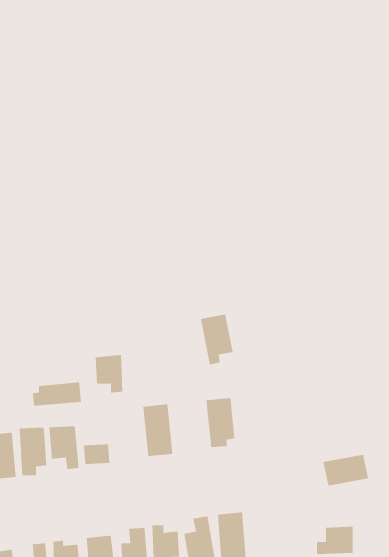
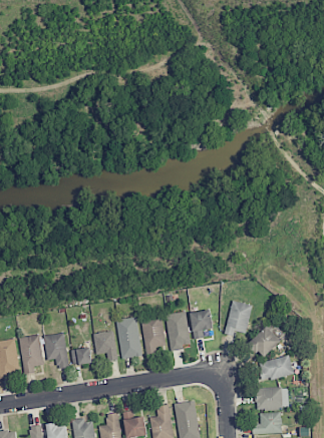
building: [200,314,234,365] -> [140,315,167,355]
building: [95,355,123,393] -> [94,331,116,361]
building: [32,381,81,407] -> none
building: none -> [225,301,253,336]
building: none -> [191,310,213,339]
building: none -> [248,326,281,359]
building: none -> [256,387,289,409]

